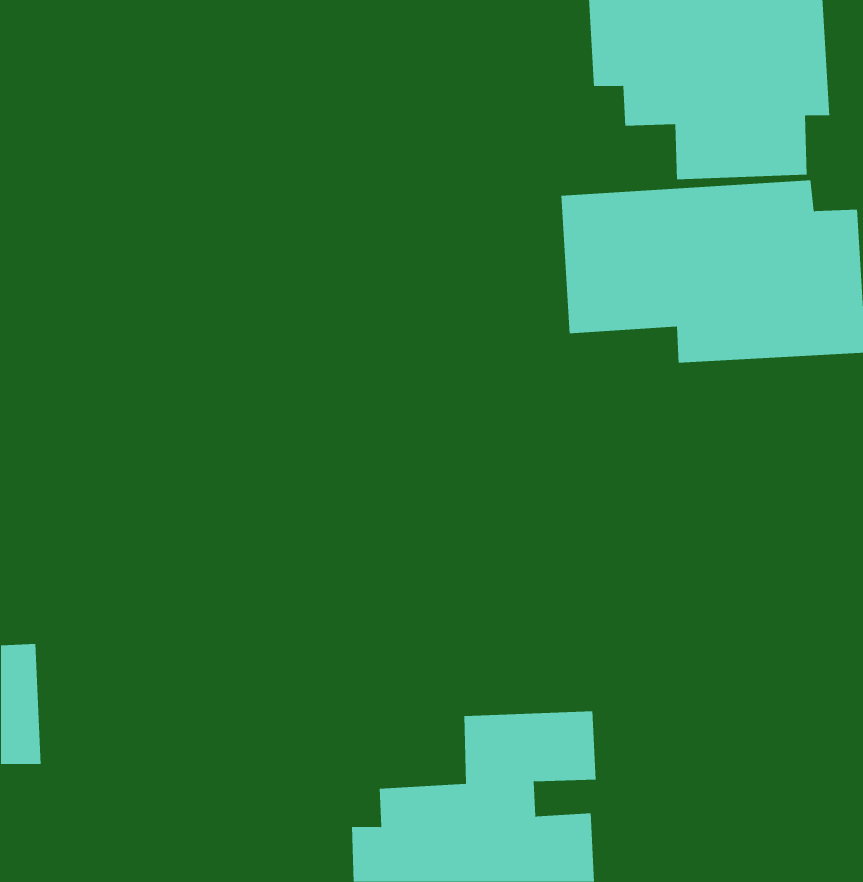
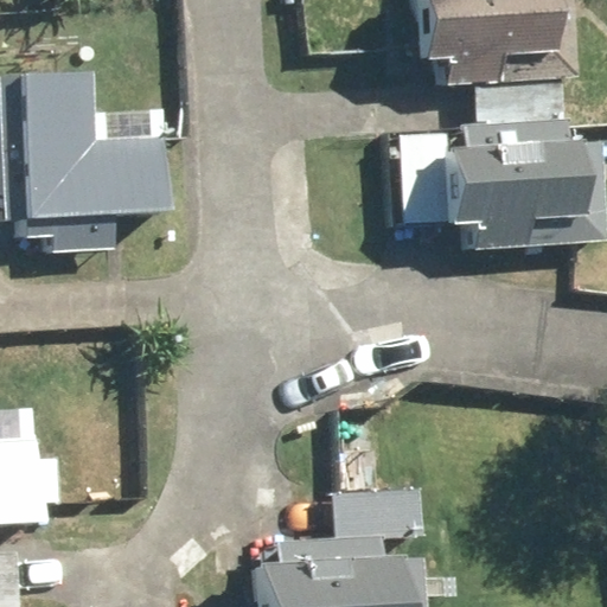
building: none -> [19,74,166,221]

